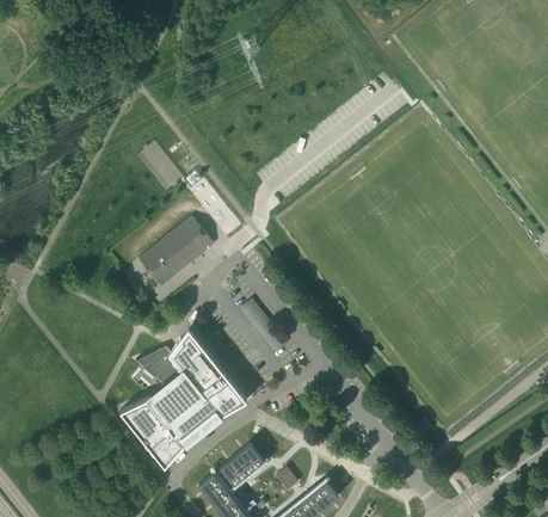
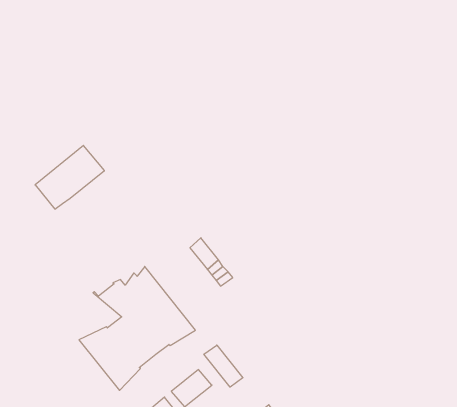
building: [140,215,215,284] -> [35,145,104,209]
building: none -> [204,345,243,387]

